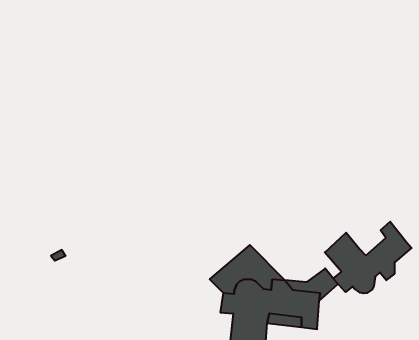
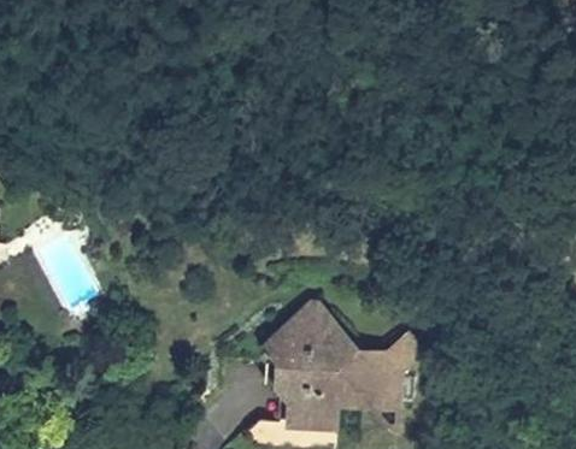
building: [325,222,412,293] -> none

